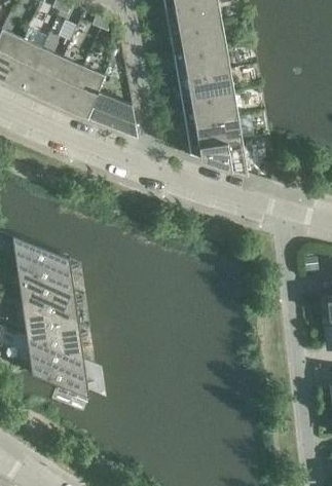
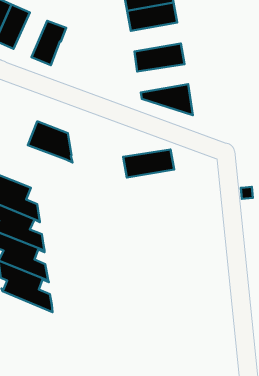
building: [44,58,82,108] -> none
building: [177,69,233,102] -> none
building: [86,90,137,137] -> [28,121,73,162]
building: [184,116,242,148] -> [123,149,174,178]

